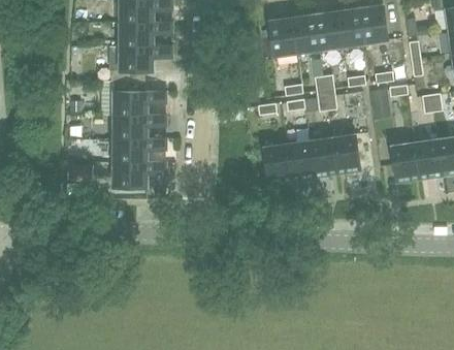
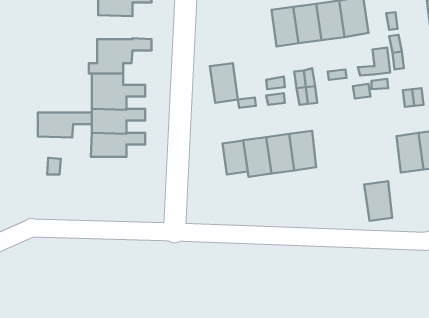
building: [267,18,295,57] -> [210,63,238,103]
building: [118,23,171,46] -> none
building: [330,134,358,173] -> none
building: [390,142,418,182] -> [364,181,392,221]
building: none -> [222,140,248,175]
building: [111,163,165,188] -> [38,113,92,138]

